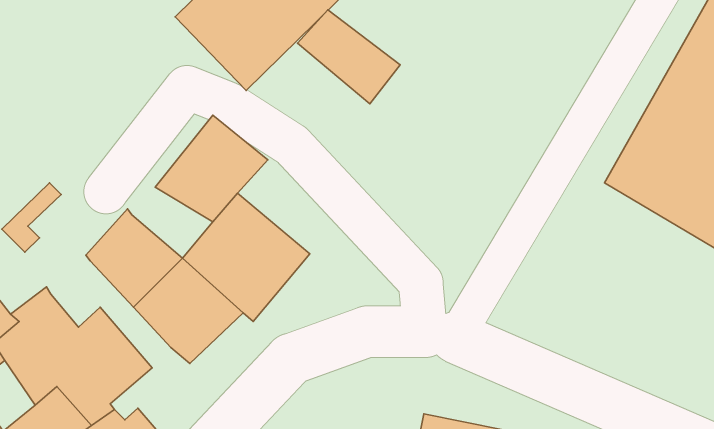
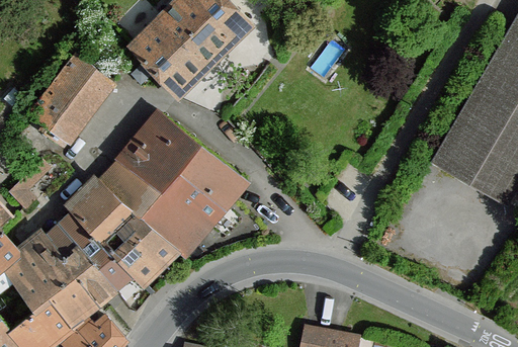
building: [297,10,400,104] -> [175,145,247,210]
building: none -> [32,59,113,144]
building: none -> [101,164,158,213]
building: none -> [45,215,128,290]

